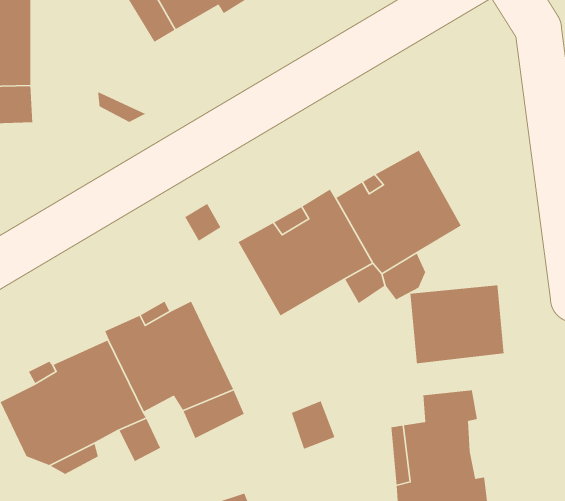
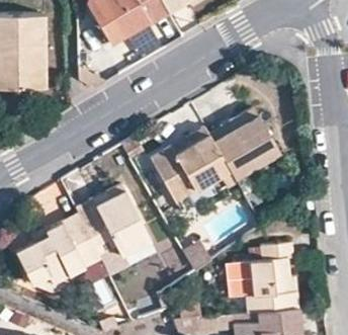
building: [410,284,505,364] -> none

